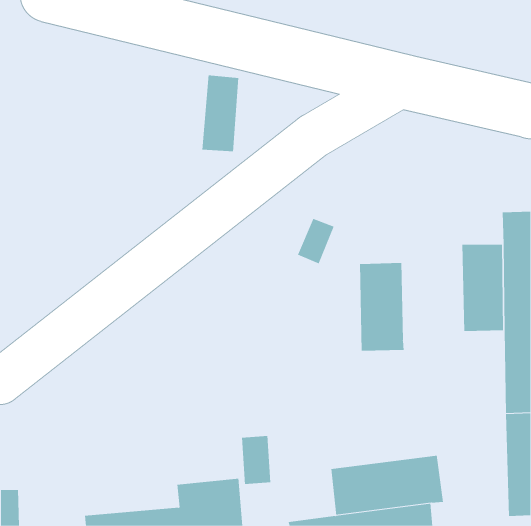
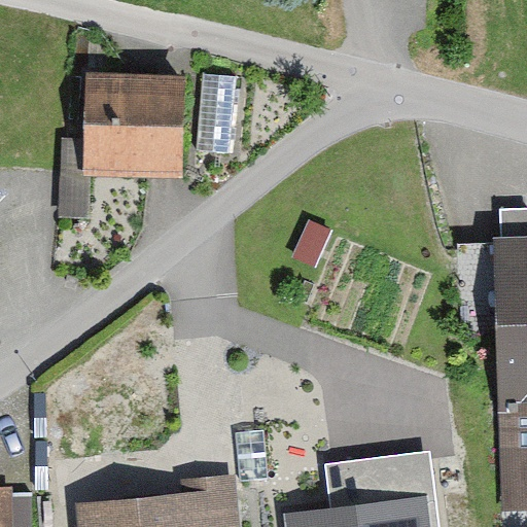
building: none -> [85,77,188,182]
building: [359,262,404,351] -> none

